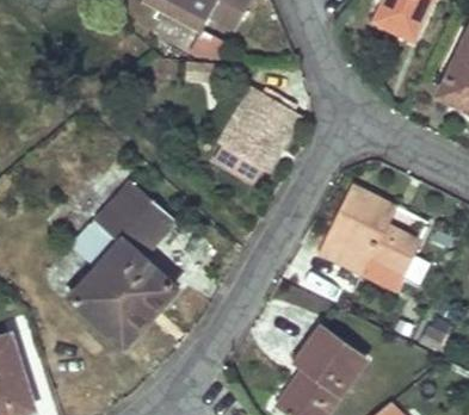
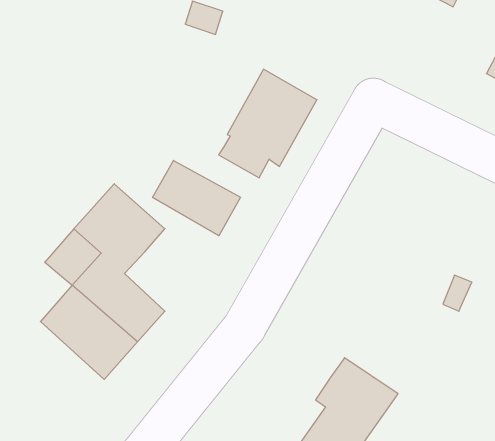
building: none -> [153,160,241,236]
building: [320,185,418,273] -> none

